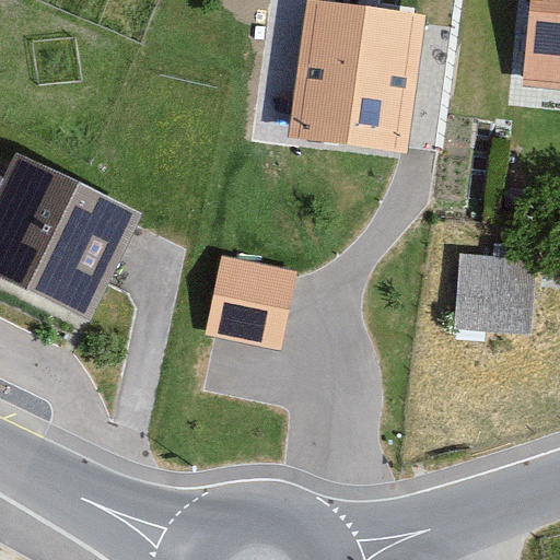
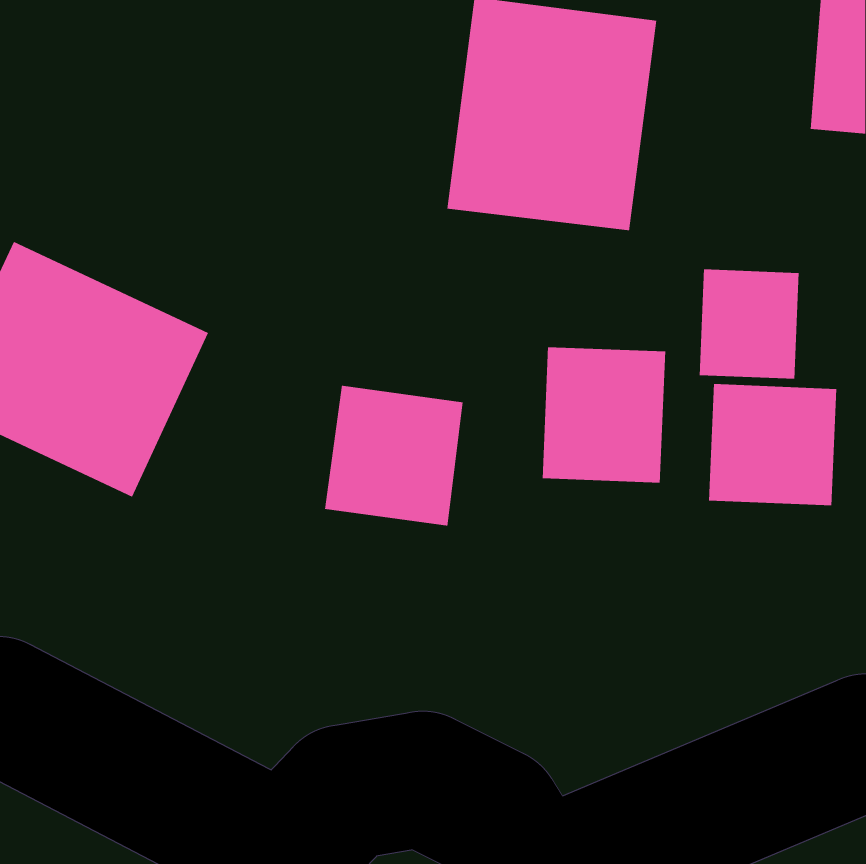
building: none -> [699,269,799,380]
building: none -> [542,346,666,483]

